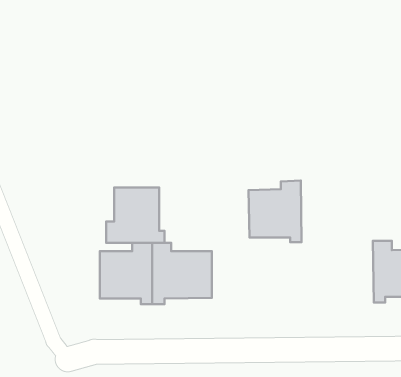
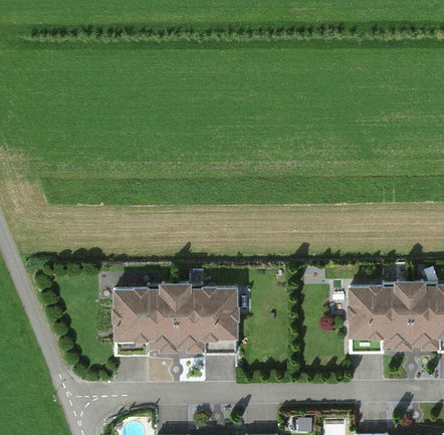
building: [249,181,302,242] -> [351,280,407,346]
building: [106,187,165,243] -> none

